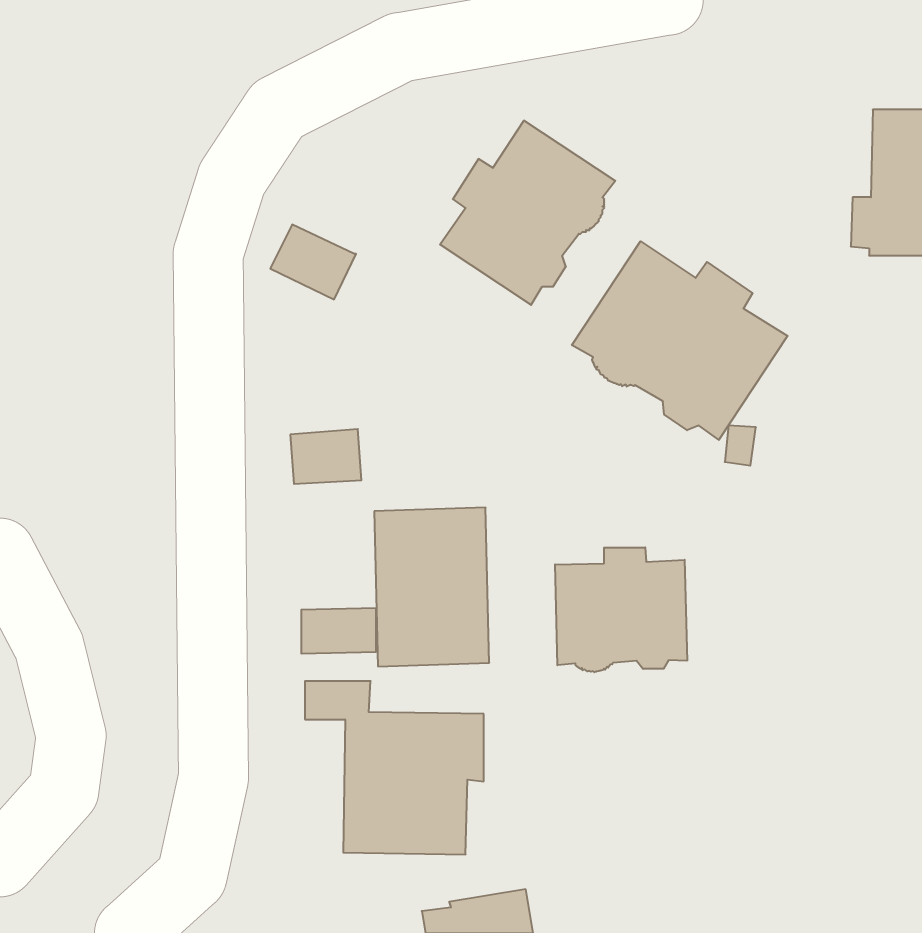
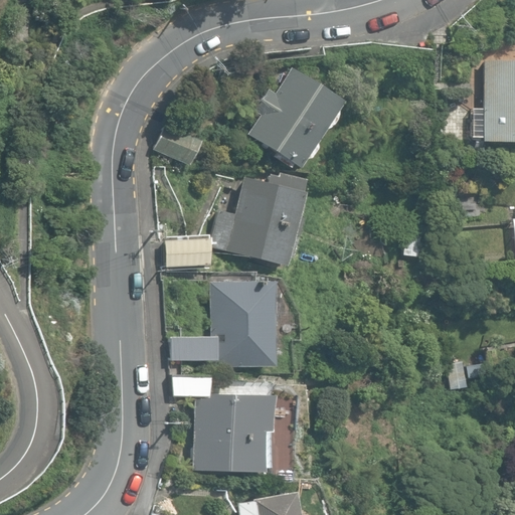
building: [572,241,788,440] -> none
building: none -> [210,172,306,266]
building: [555,547,687,672] -> none

